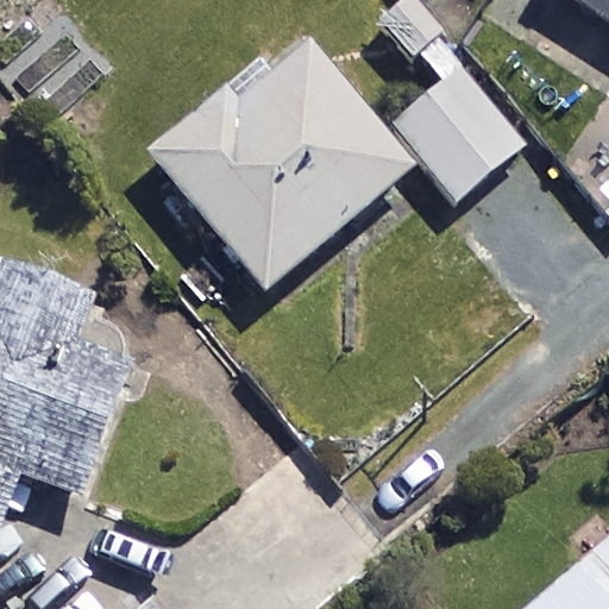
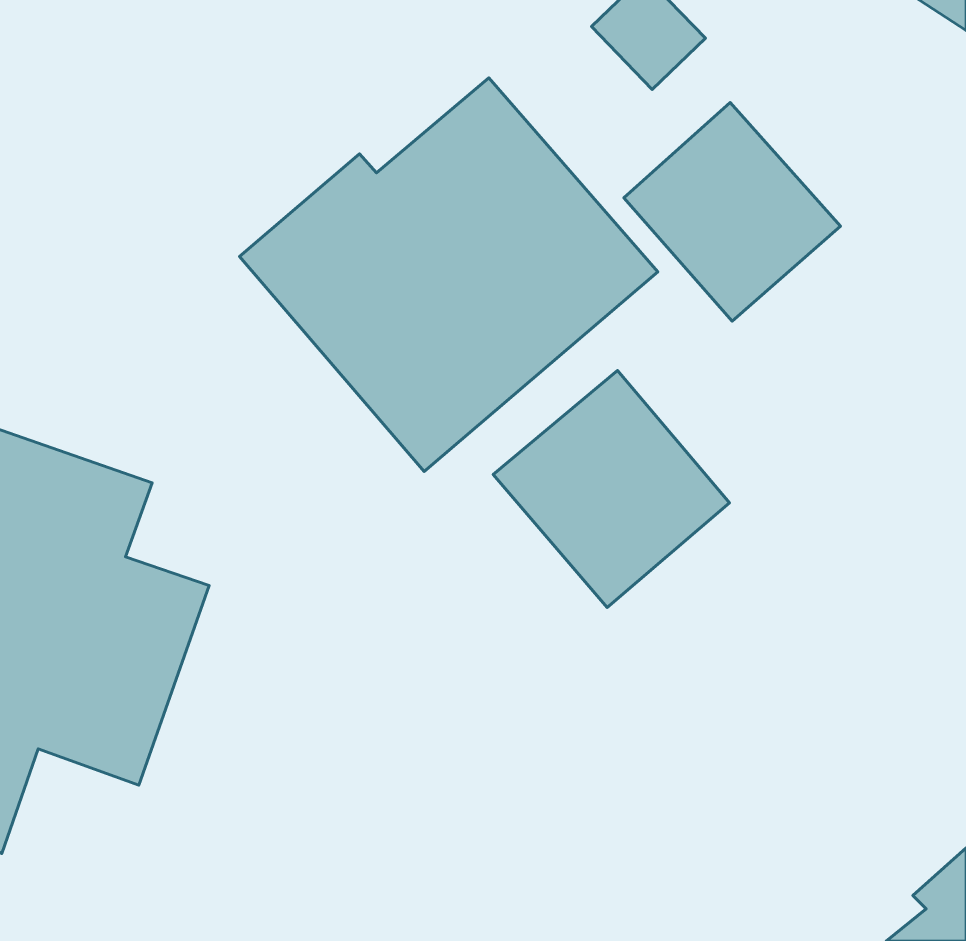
building: none -> [493,370,729,608]

